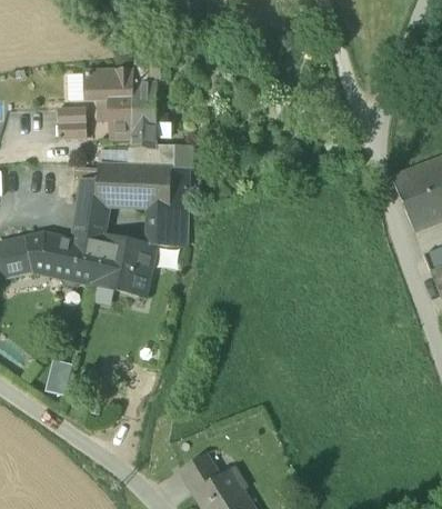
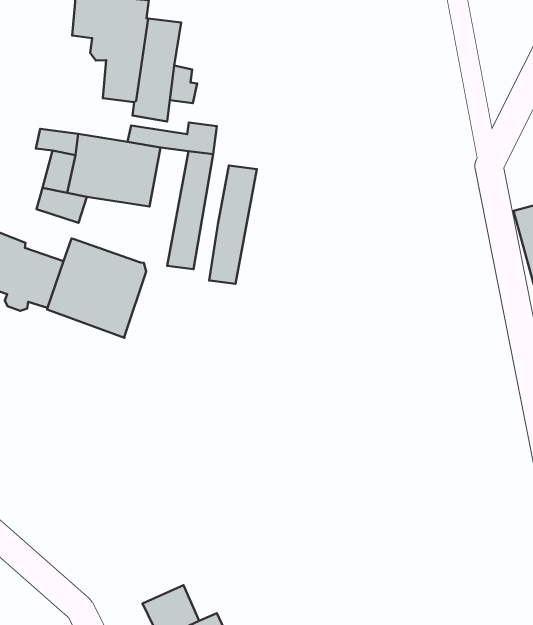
building: [58,106,87,137] -> none
building: [150,166,172,243] -> [209,165,257,284]
building: [72,217,106,249] -> none

